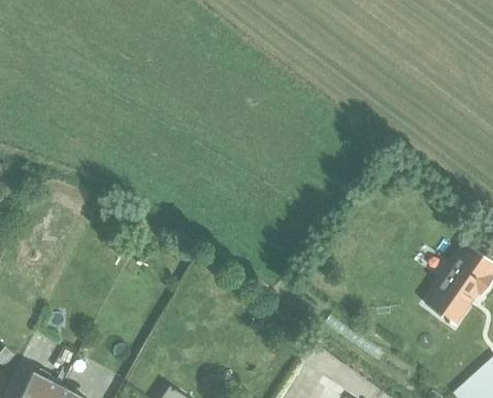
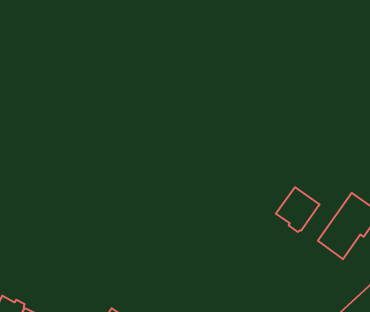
building: none -> [276,187,320,232]

